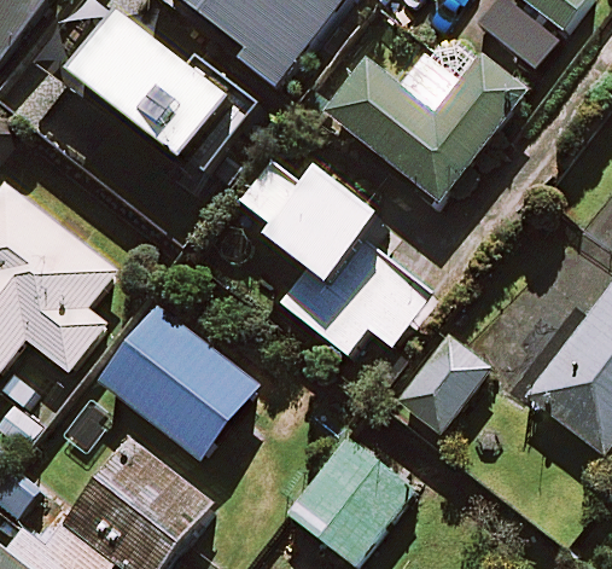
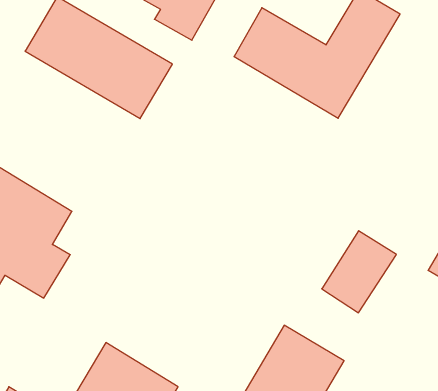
building: [234,162,430,354] -> none
building: [100,309,255,457] -> none

